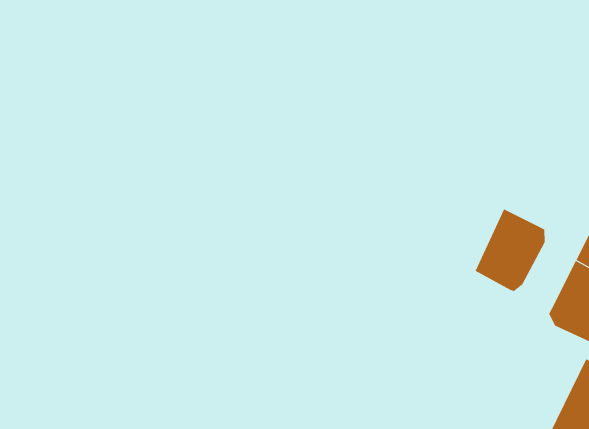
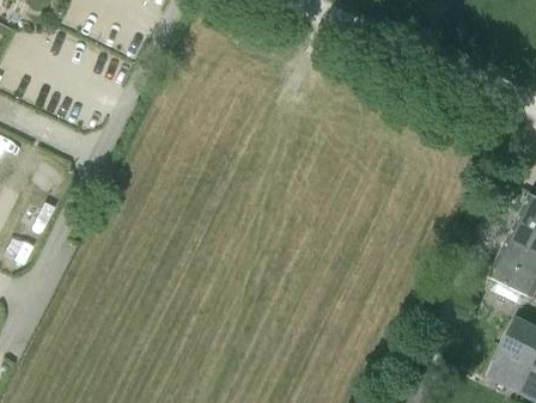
building: [475,209,545,292] -> none

